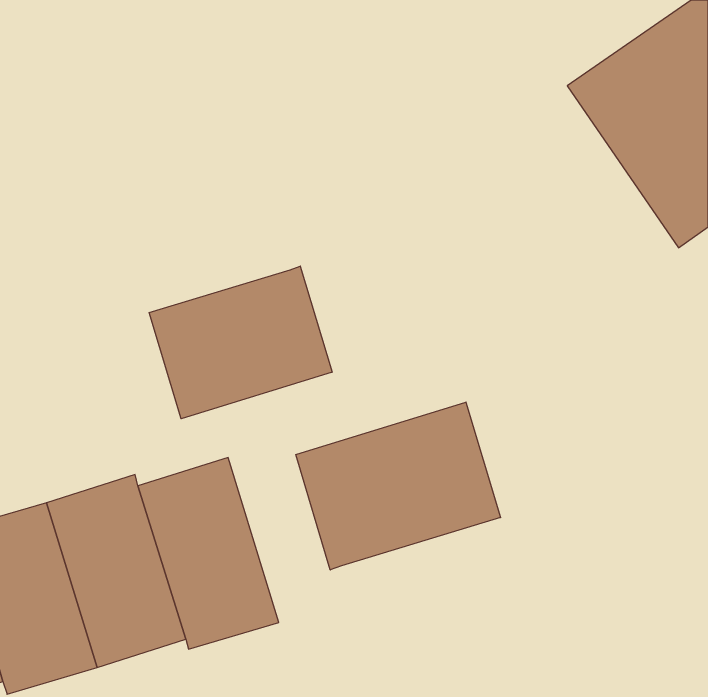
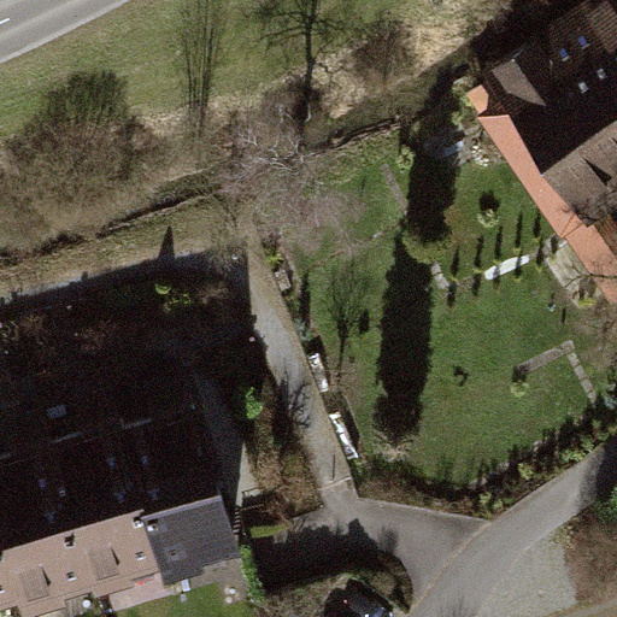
building: [149,266,332,419] -> none
building: [296,402,501,570] -> none

